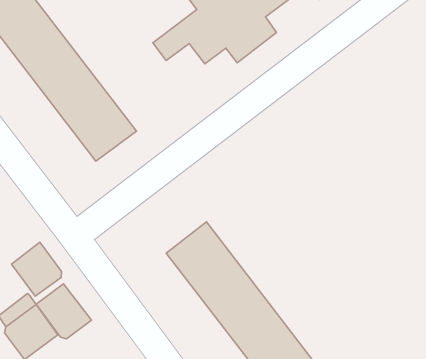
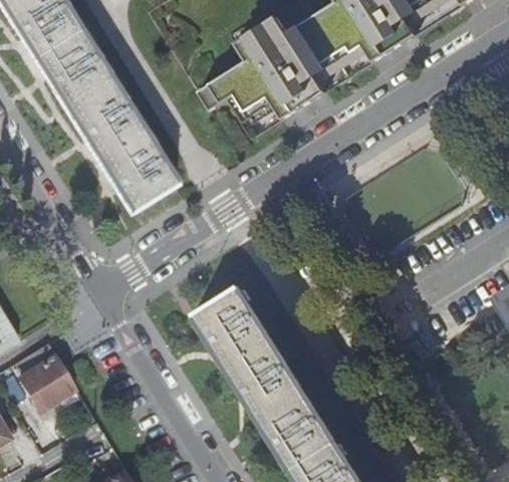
building: [11,242,62,296] -> none
building: [36,284,91,339] -> none

